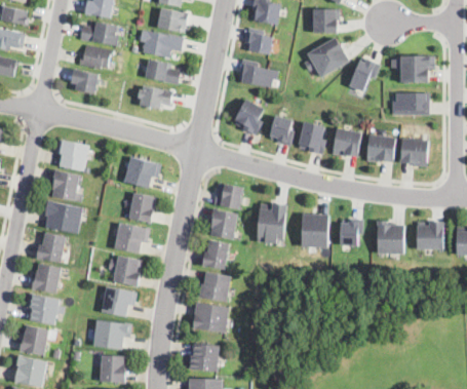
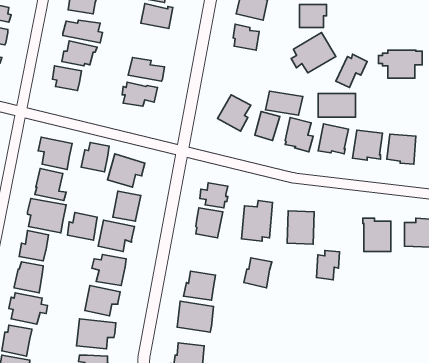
building: [139,30,183,57] -> none
building: [240,63,277,86] -> [265,91,303,115]
building: [391,90,428,114] -> [318,93,355,117]
building: none -> [81,142,109,172]
building: none -> [67,213,97,240]
building: [340,217,362,245] -> [317,251,339,280]
building: [201,240,229,270] -> [244,258,272,288]

